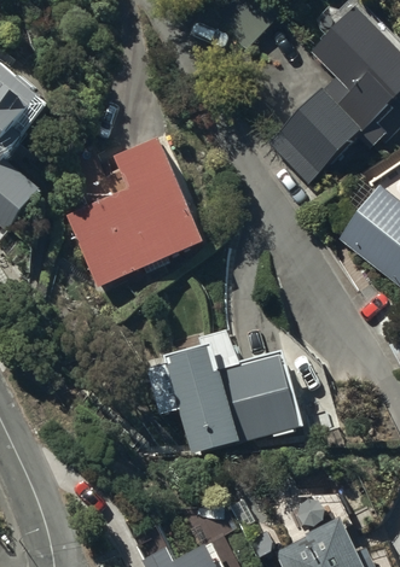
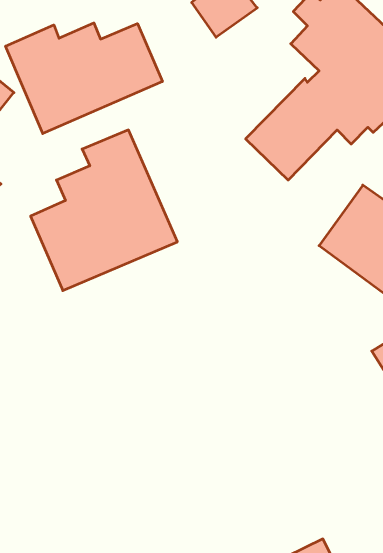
building: none -> [6,23,162,134]
building: [145,328,302,454] -> none

